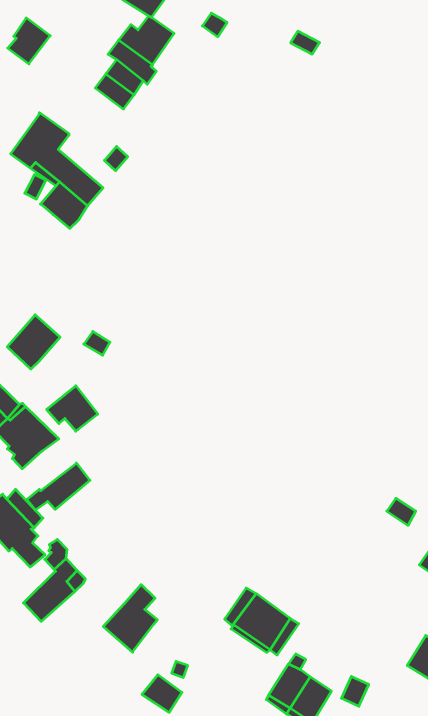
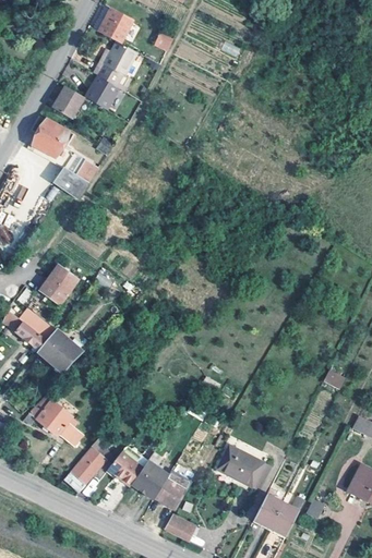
building: [8,18,50,64] -> [53,85,83,118]
building: [47,386,98,431] -> none
building: [27,463,90,510] -> none
building: none -> [107,450,143,484]
building: none -> [154,476,187,508]

